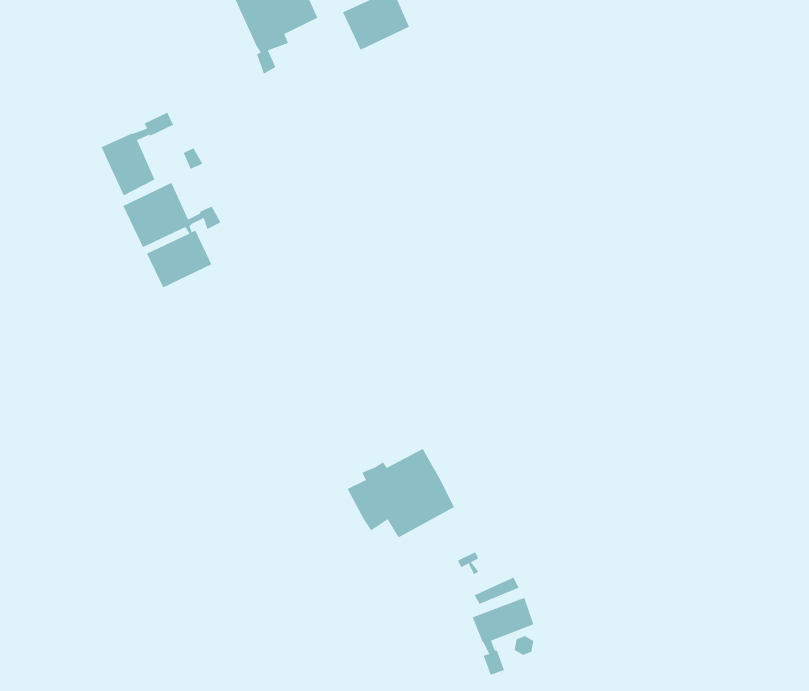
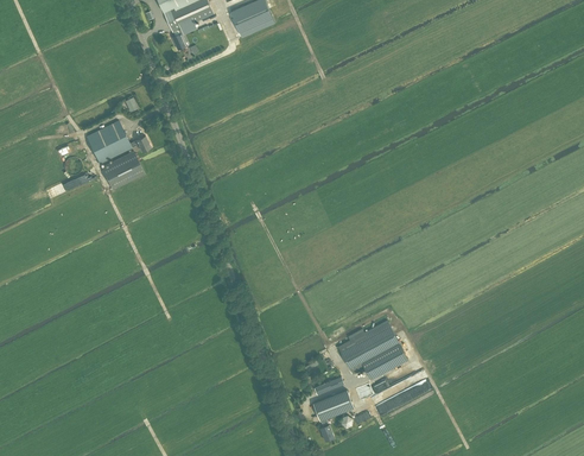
building: [101,112,174,196] -> none
building: [347,449,455,538] -> [337,321,407,379]

